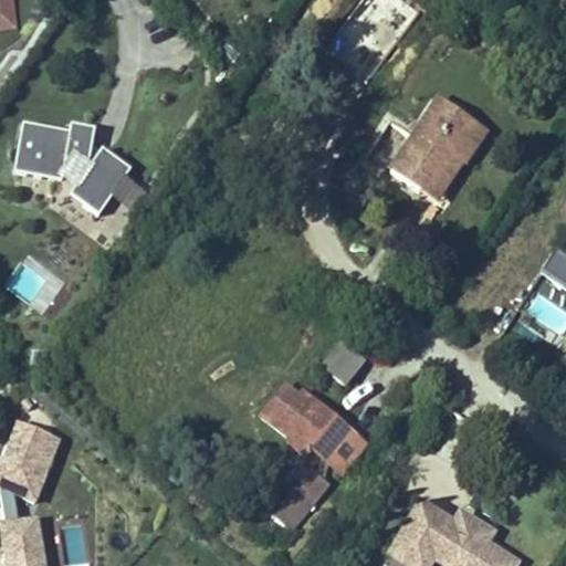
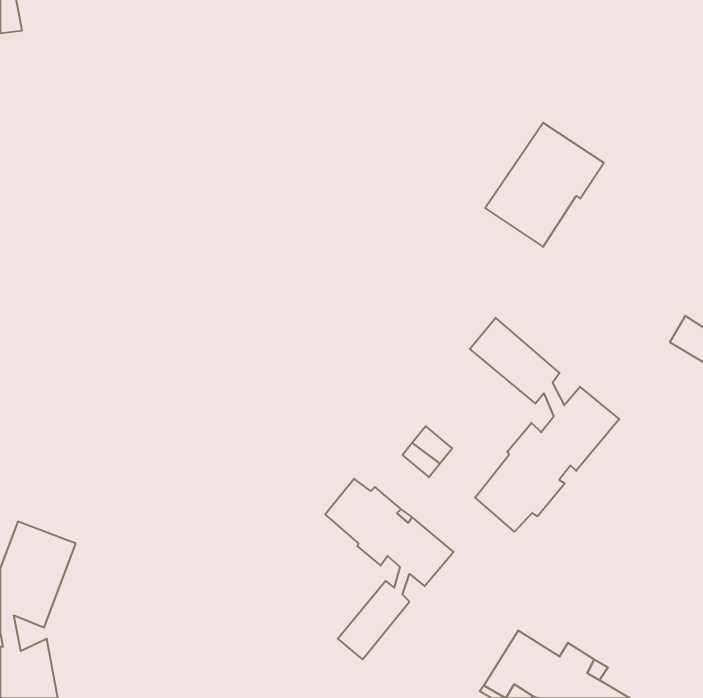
building: [18,123,133,213] -> none
building: none -> [470,318,619,532]

